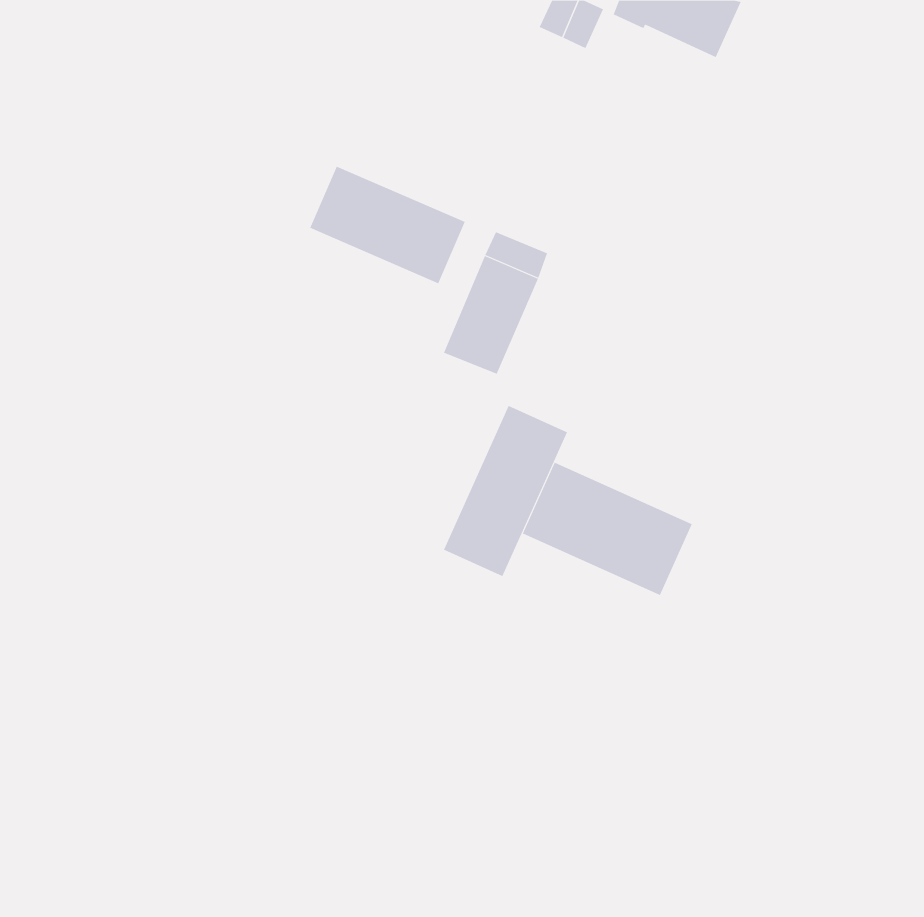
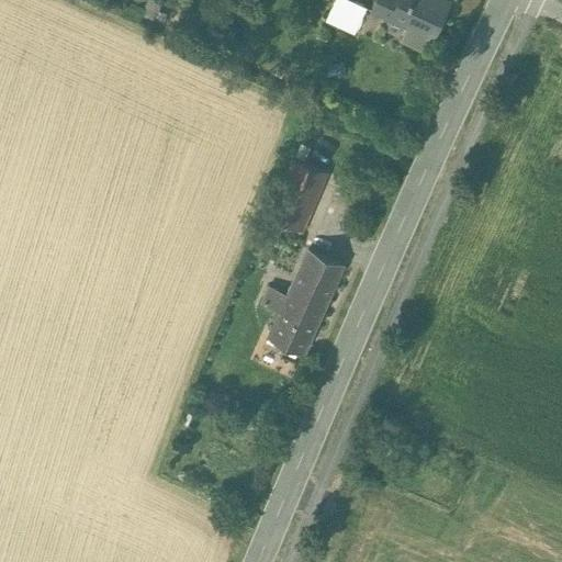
building: [310,166,466,284] -> none
building: [522,462,692,596] -> none

